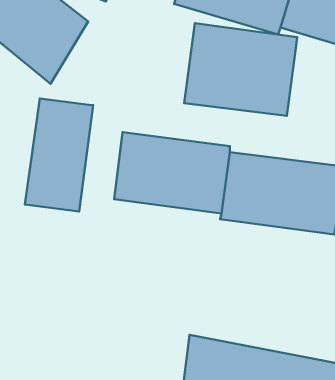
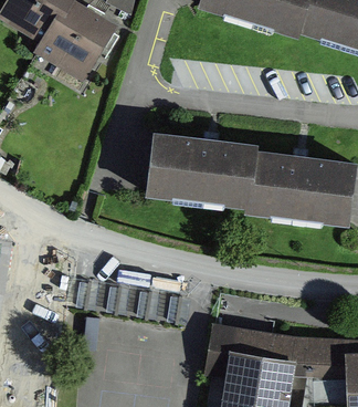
building: [184,23,297,116] -> none
building: [25,98,93,211] -> none

